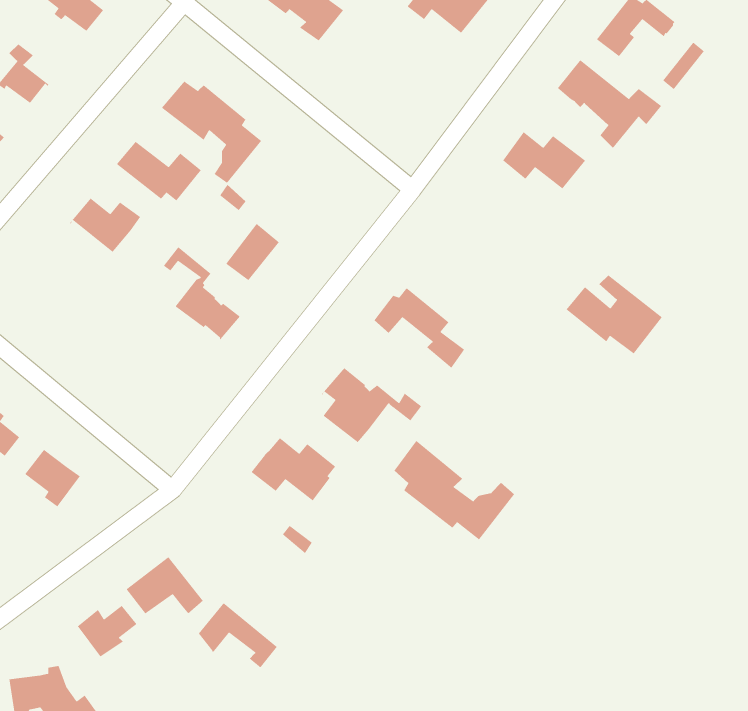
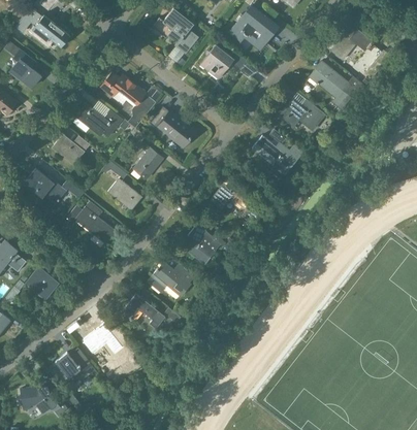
building: none -> [200,45,247,78]
building: none -> [152,106,195,145]
building: none -> [24,168,84,203]
building: [565,274,663,354] -> [252,129,303,171]
building: none -> [67,200,115,242]
building: [394,440,515,541] -> none
building: [198,602,278,668] -> [123,293,165,328]

